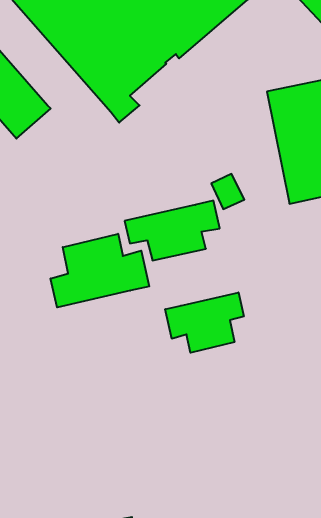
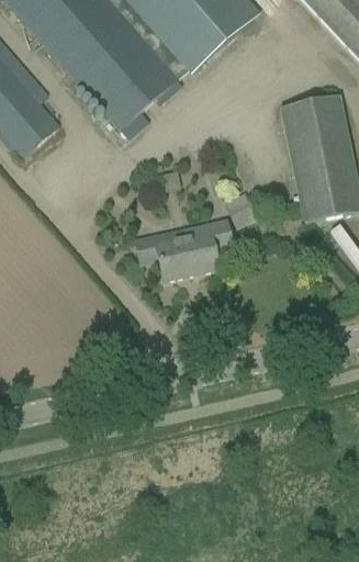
building: [51,234,149,307] -> none
building: [165,292,244,353] -> none

